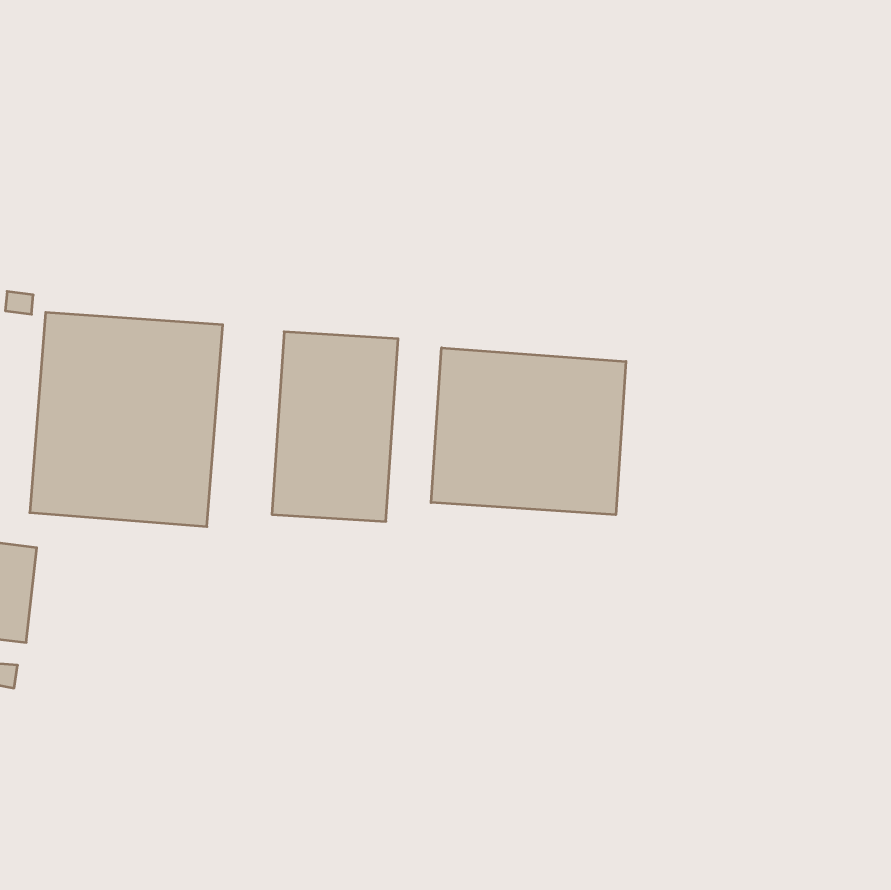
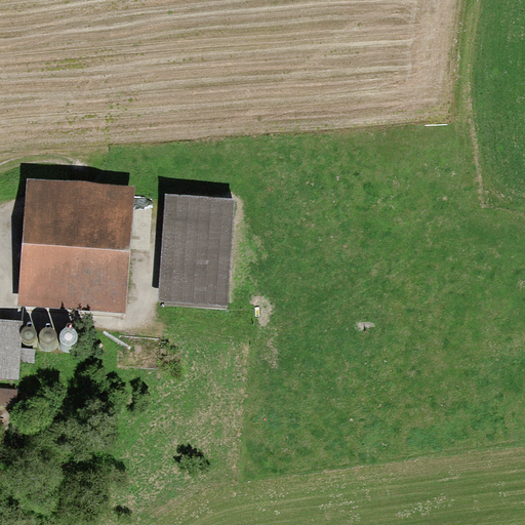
building: [431,348,626,515] -> none

